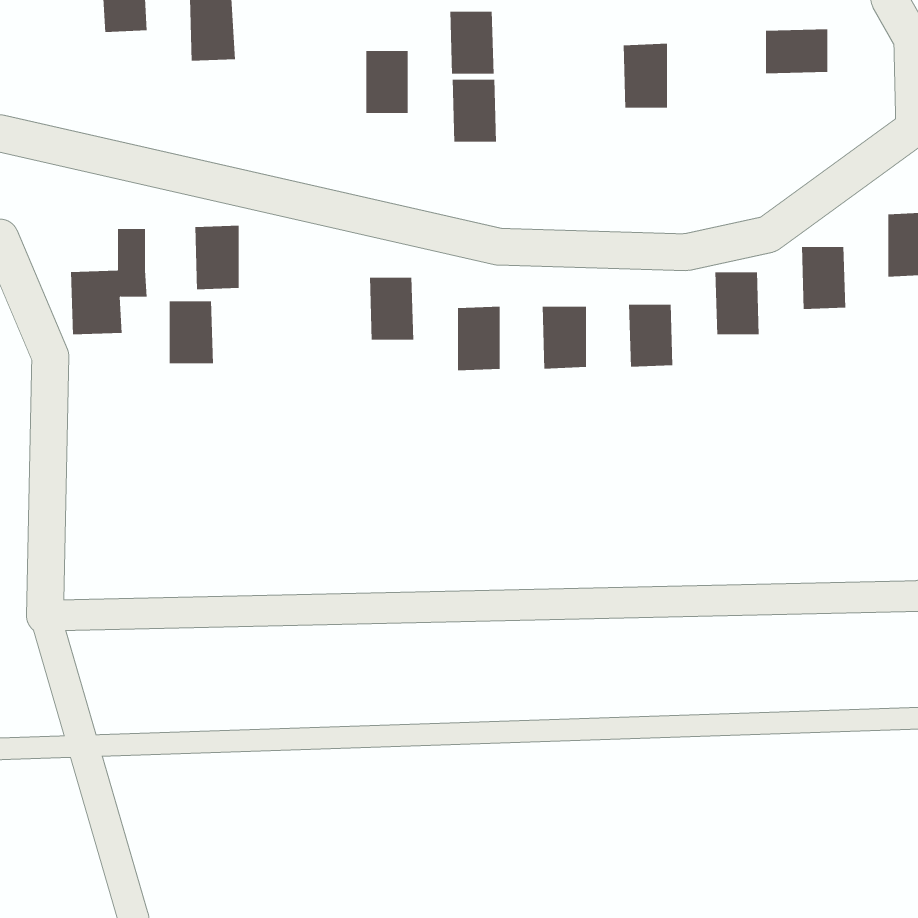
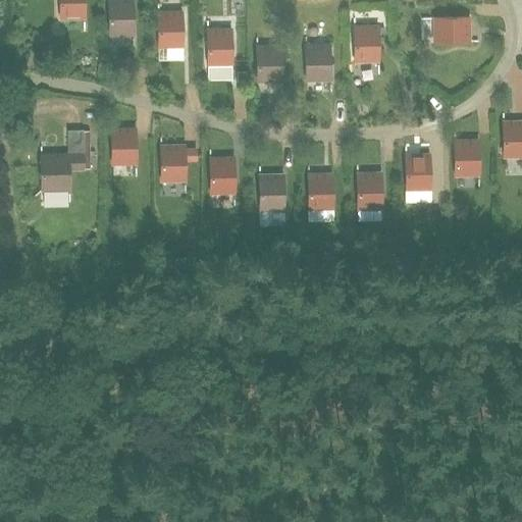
building: [449,11,494,74] -> [306,44,331,80]
building: none -> [158,10,184,47]
building: [169,301,214,364] -> [161,145,187,180]

